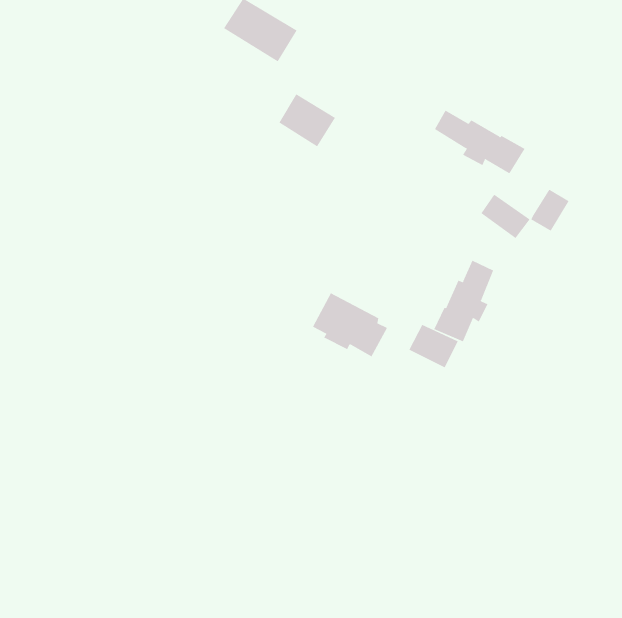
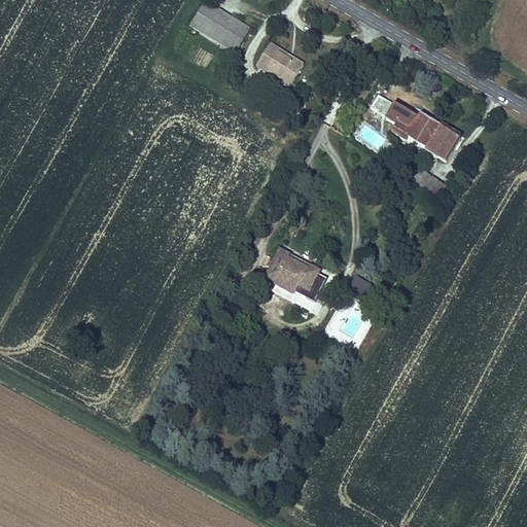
building: [279,93,336,147] -> [255,40,304,85]
building: [531,189,570,232] -> [428,126,461,162]
building: [434,260,494,342] -> none

